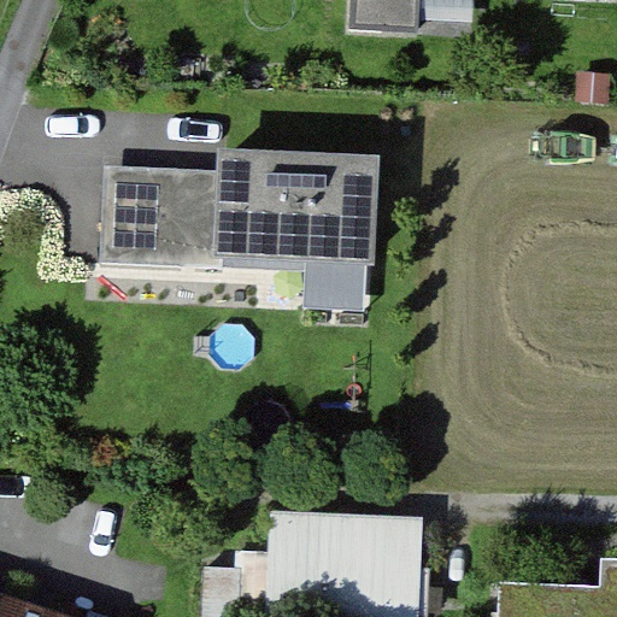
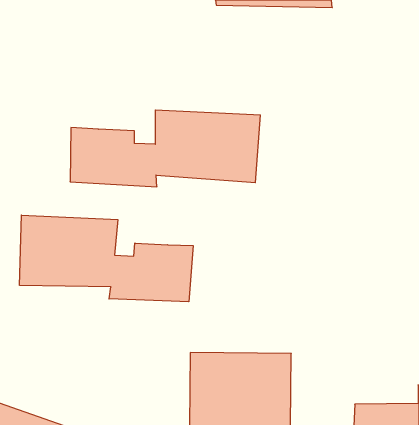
building: none -> [20,215,193,302]

